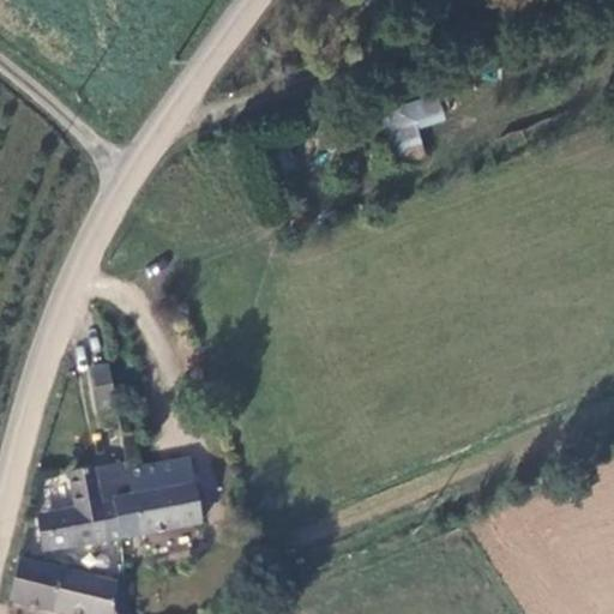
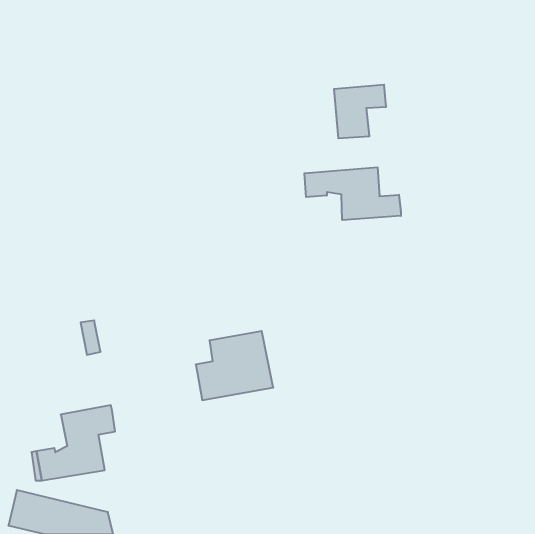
building: none -> [304,167,401,220]
building: [113,459,201,538] -> [196,331,273,400]

